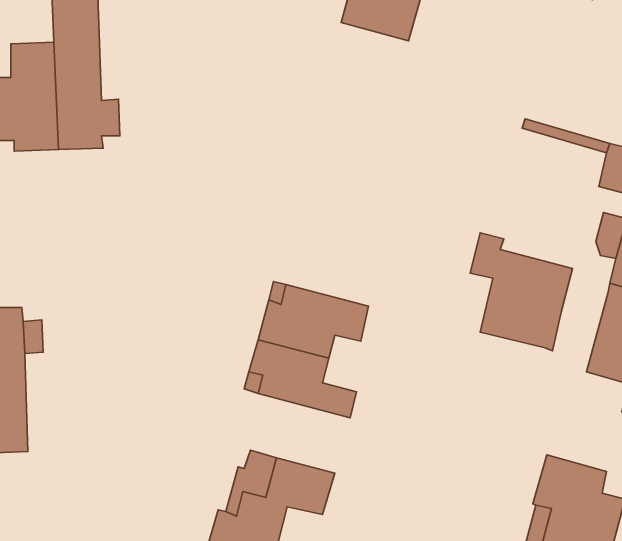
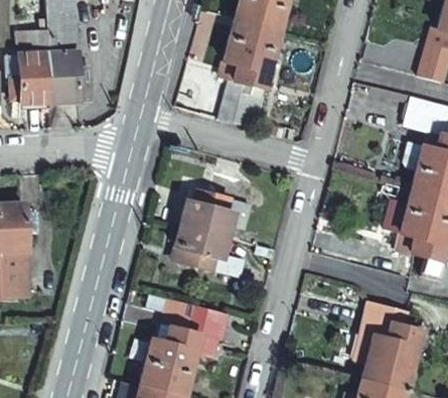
building: none -> [218,18,279,130]
building: [470,233,573,351] -> none

